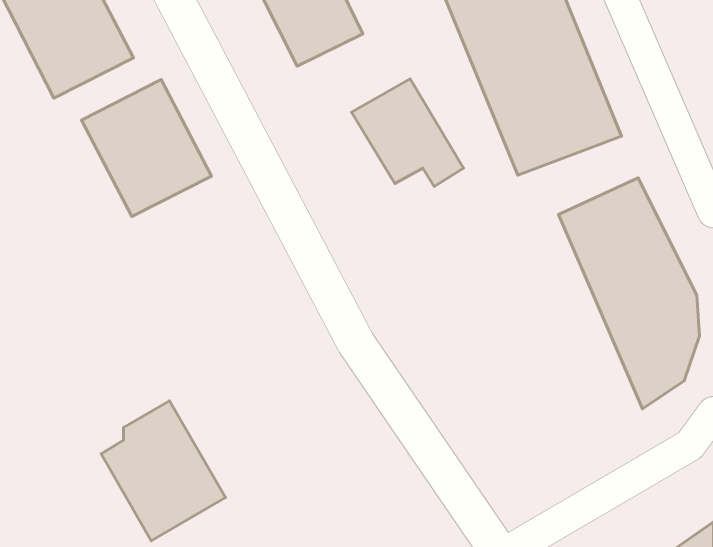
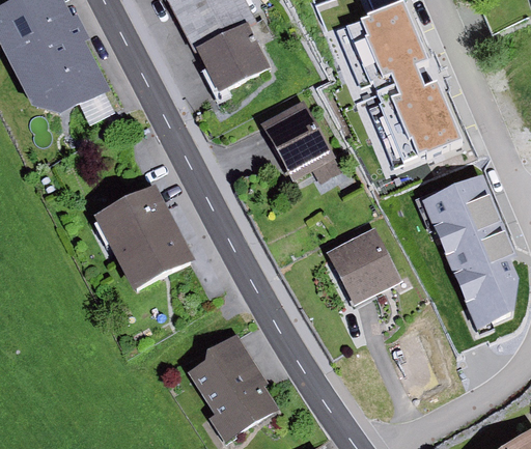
building: [82,80,212,217] -> [93,188,190,289]
building: none -> [330,229,398,301]
building: [101,401,225,541] -> [189,332,281,436]

